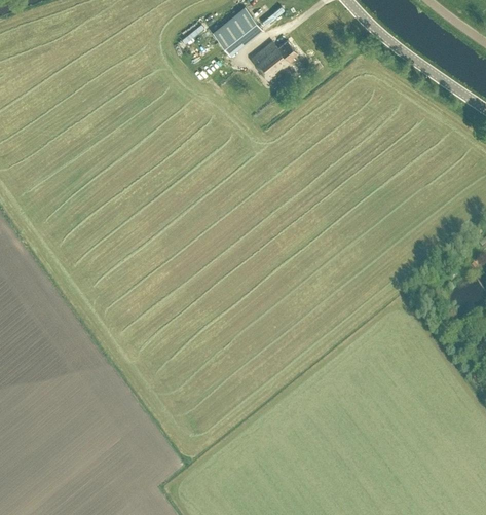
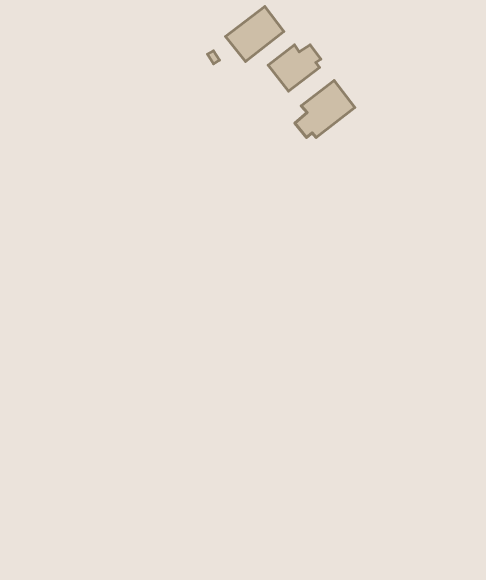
building: none -> [295,80,355,137]

